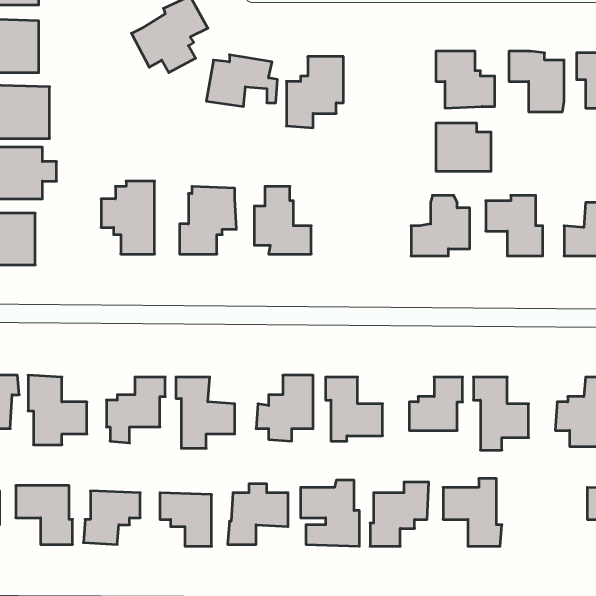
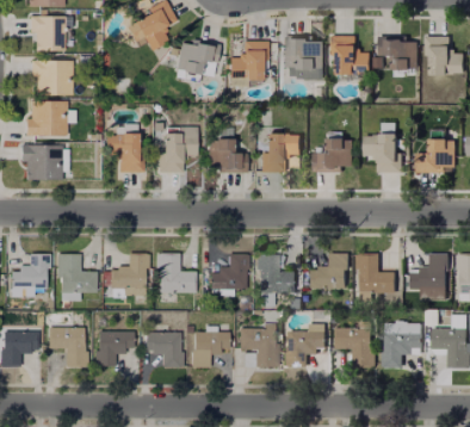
building: [436,123,491,171] -> [284,36,321,68]
building: none -> [260,131,299,172]
building: none -> [378,323,419,367]

